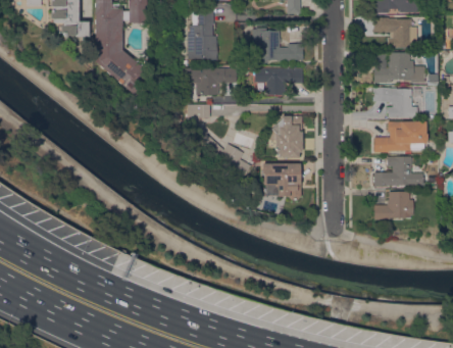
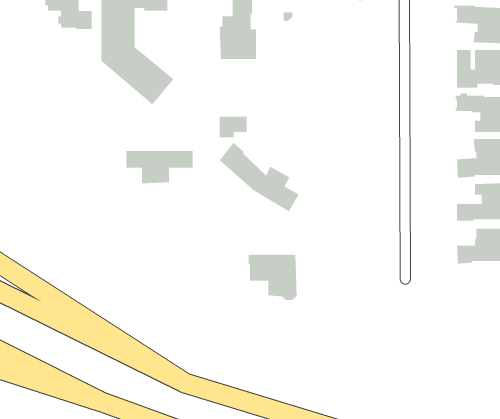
building: [252,28,304,63] -> none
building: [184,68,237,95] -> [126,150,193,184]
building: [255,68,303,95] -> none
building: [270,116,303,158] -> none
building: [262,163,301,200] -> [248,254,297,301]

